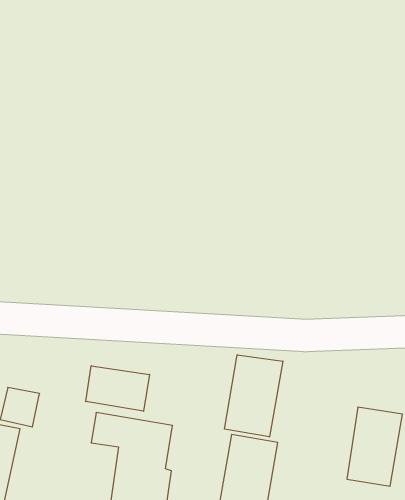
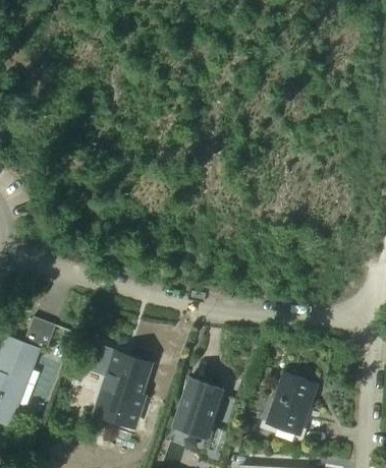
building: [225,355,283,437] -> none
building: [86,366,150,411] -> none

